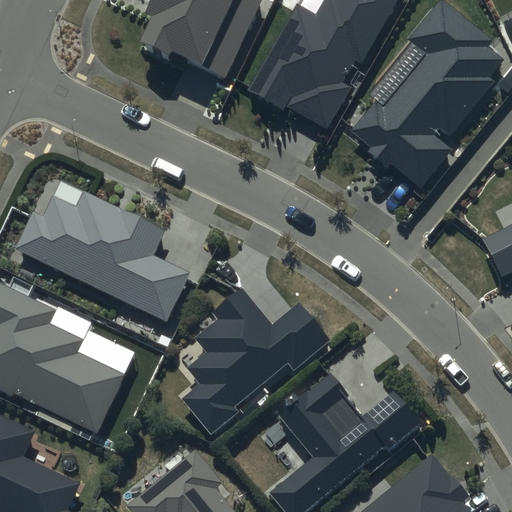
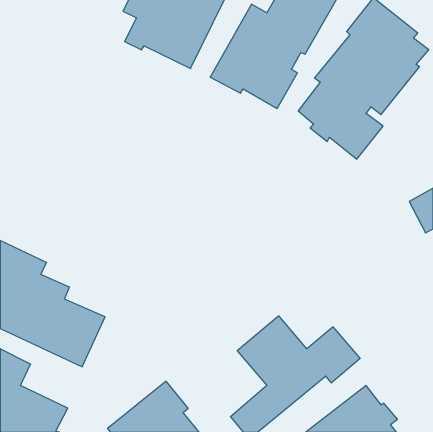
building: [15,191,189,322] -> none
building: [181,288,333,435] -> none

